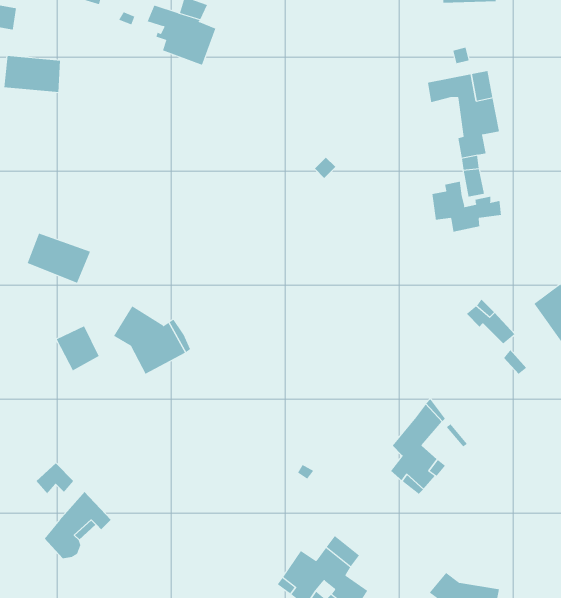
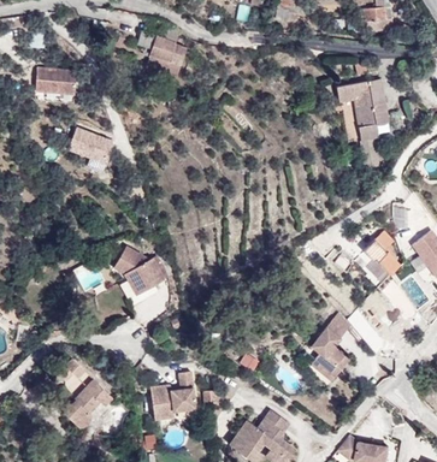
building: [432,181,502,232] -> none
building: [27,233,91,283] -> [67,126,113,162]
building: none -> [150,372,196,419]

